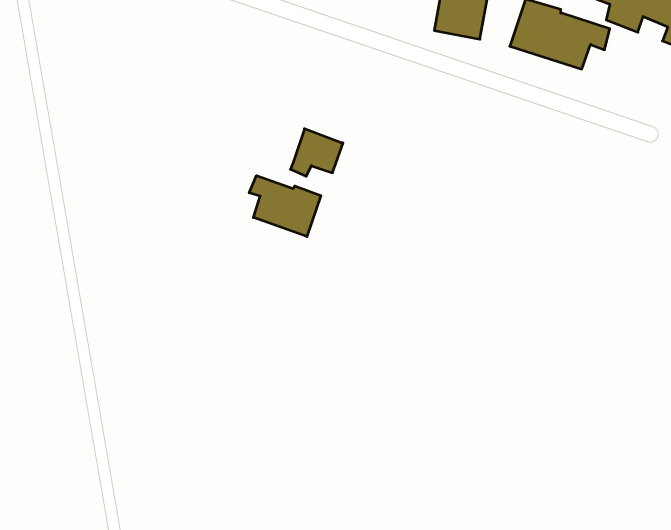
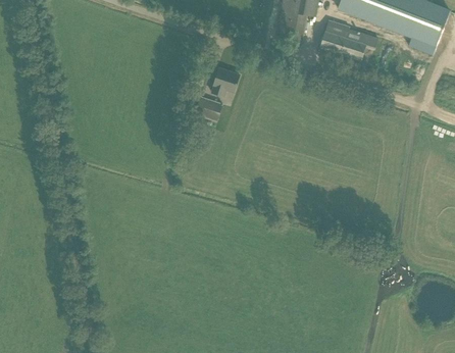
building: none -> [211,67,240,95]
building: [249,176,321,237] -> none

